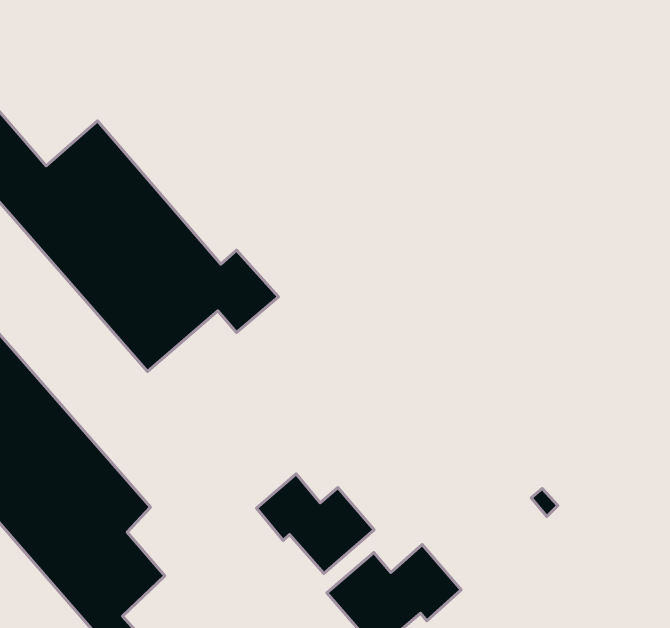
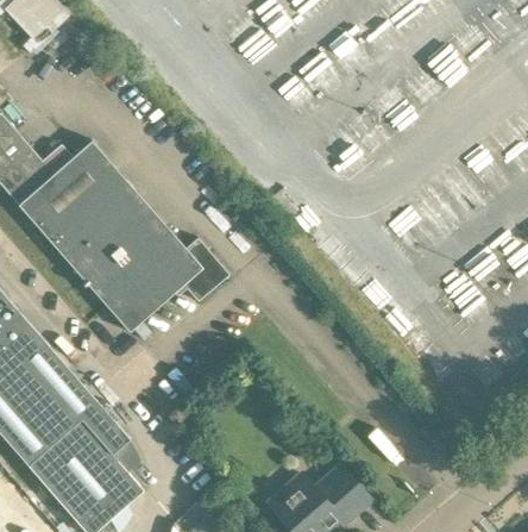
building: [257,474,374,574] -> none

